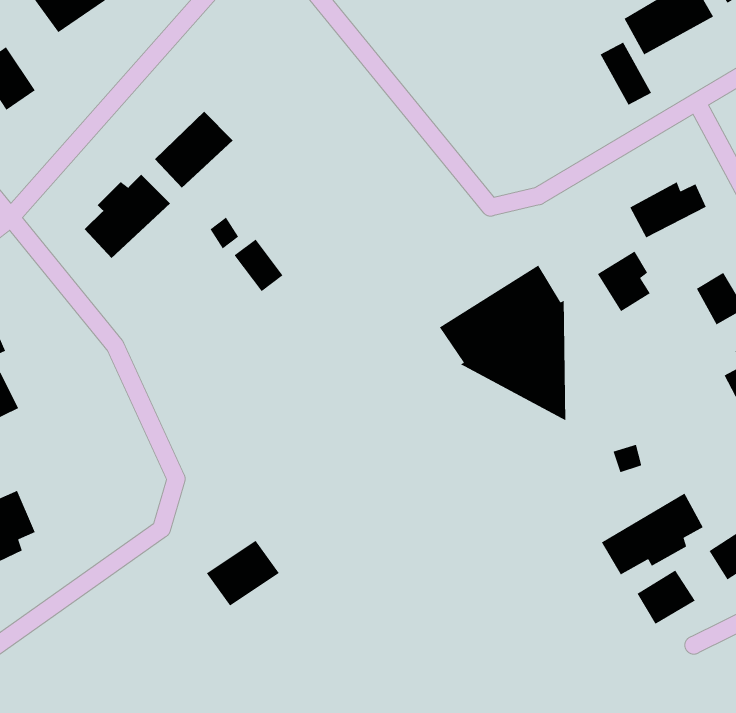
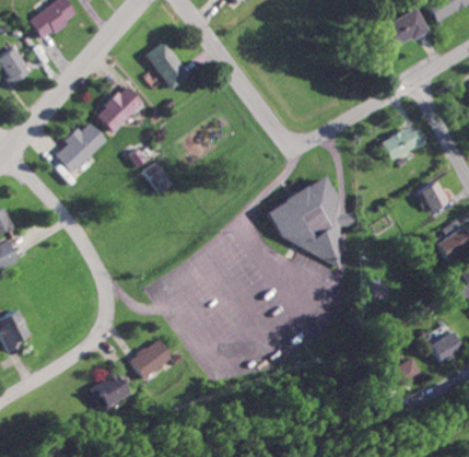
building: none -> [149,40,189,89]
building: [599,41,652,106] -> none
building: [597,251,651,312] -> none
building: [601,492,704,575] -> none
building: none -> [87,373,126,409]

